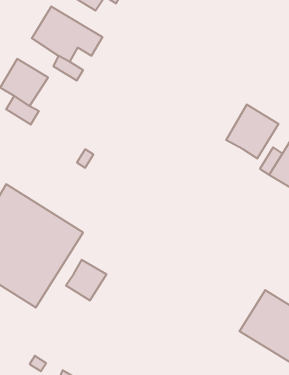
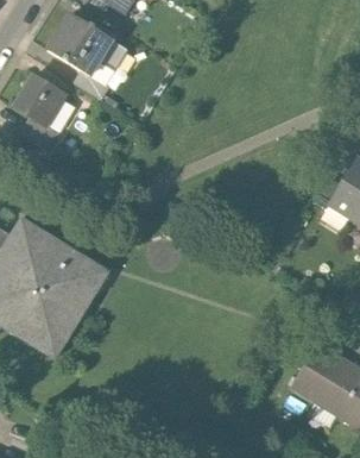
building: [226,104,278,159] -> none
building: [66,260,106,301] -> none

